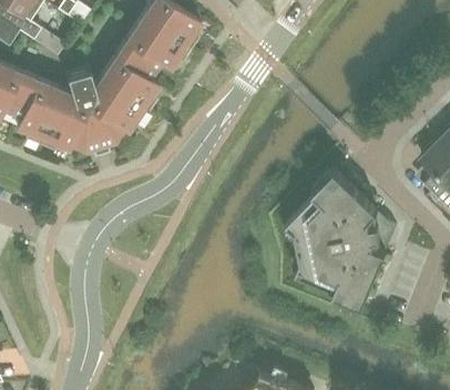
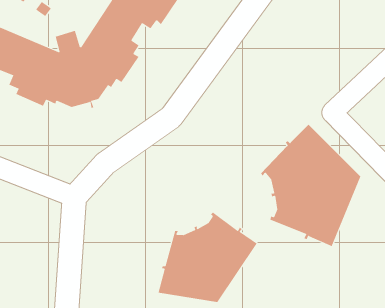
building: none -> [158,212,258,303]

